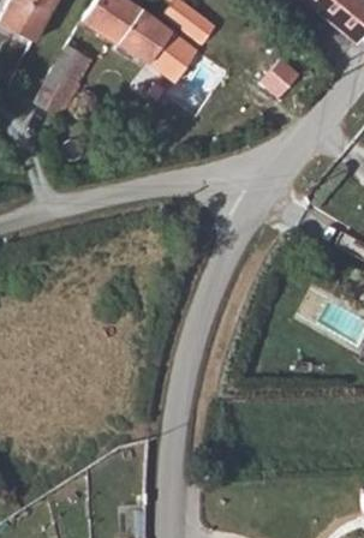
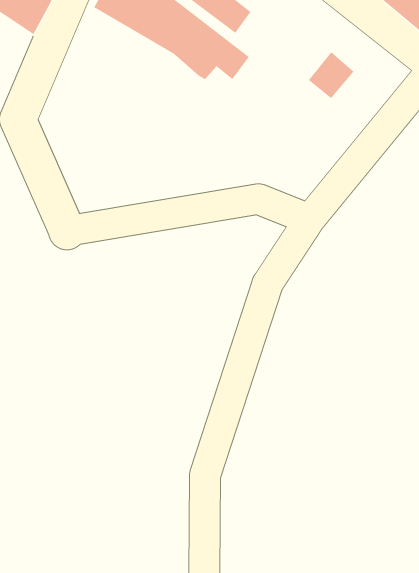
building: [38,43,95,115] -> none

